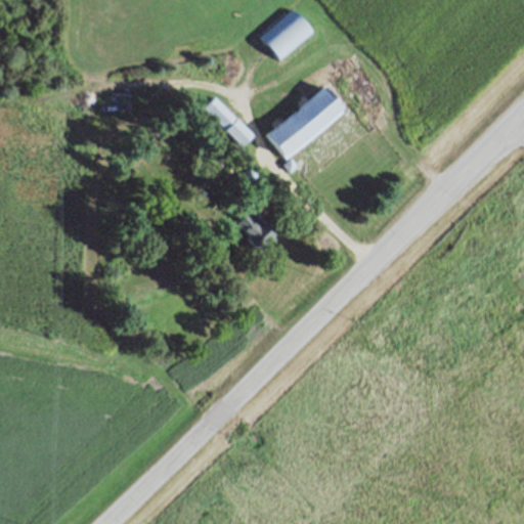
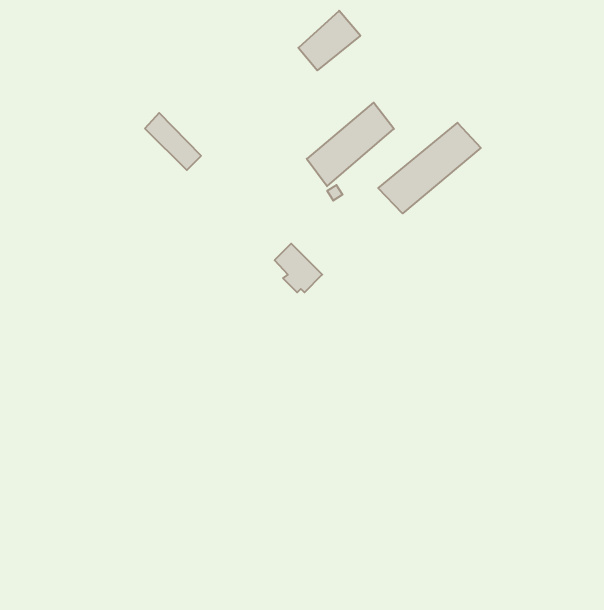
building: [206,97,254,146] -> [145,113,201,170]
building: none -> [378,123,481,213]

